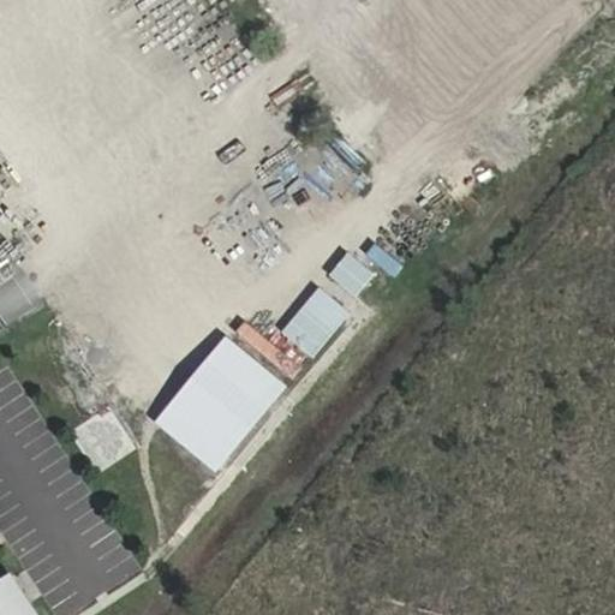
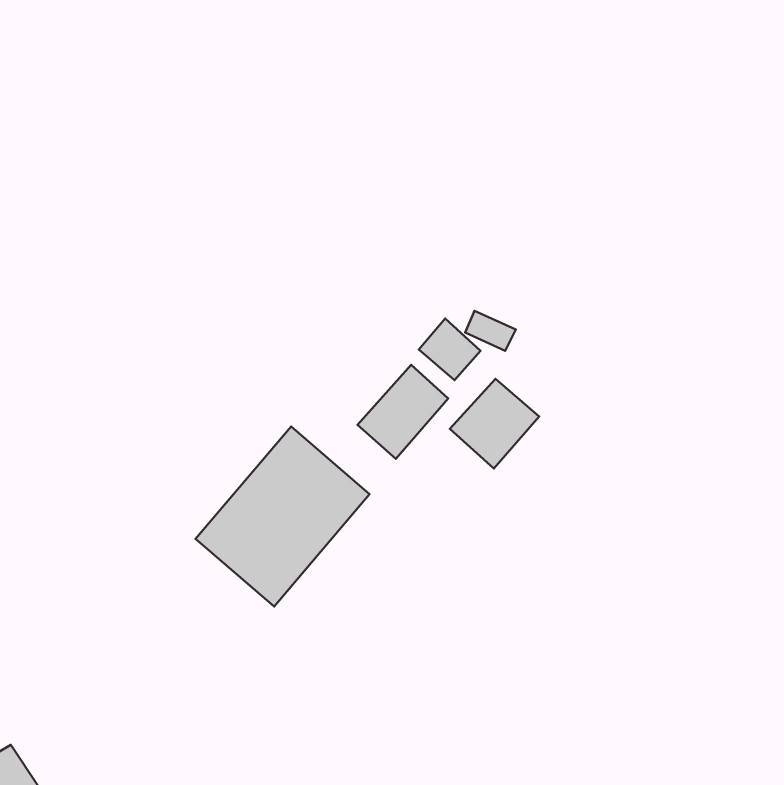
building: none -> [450,379,539,468]

